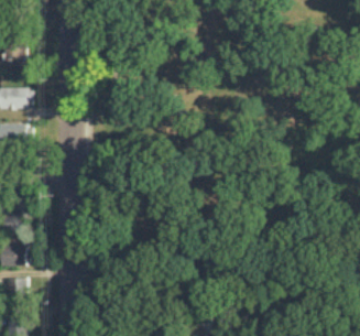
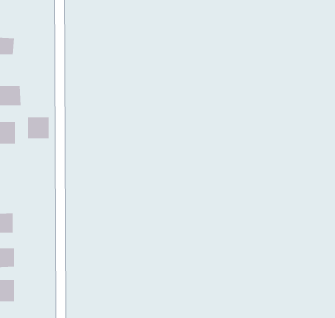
building: none -> [28,117,49,139]

